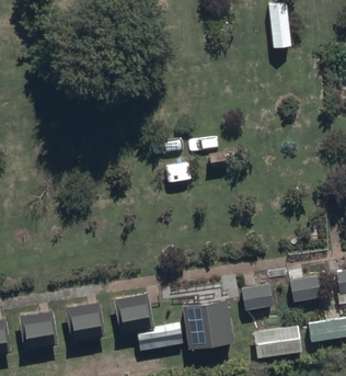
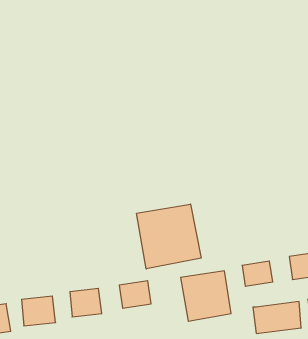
building: none -> [137,204,201,269]

